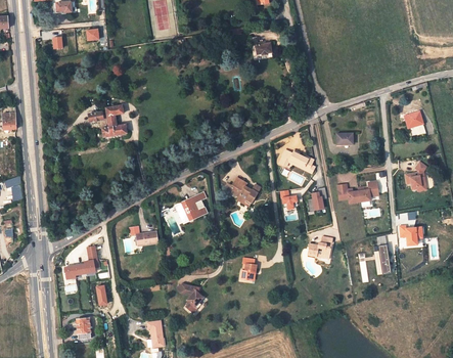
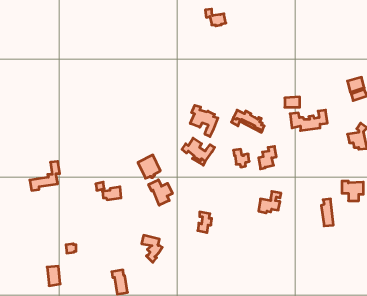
building: [89,105,127,137] -> none
building: none -> [190,105,218,137]
building: [337,181,378,204] -> [290,110,327,131]
building: none -> [149,180,172,205]
building: [64,247,97,278] -> [30,161,60,190]

